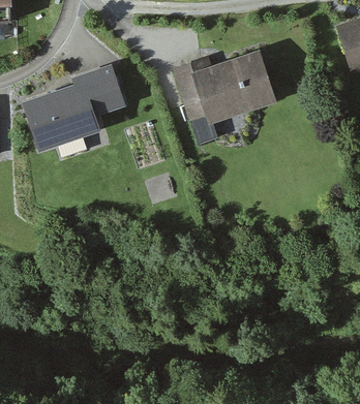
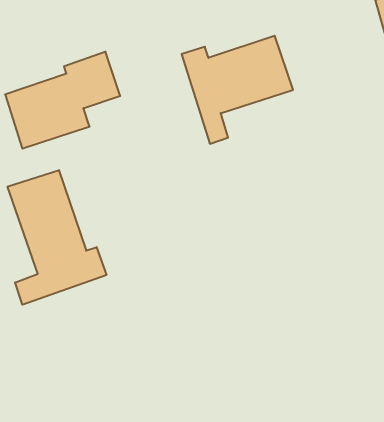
building: none -> [8,170,106,305]

